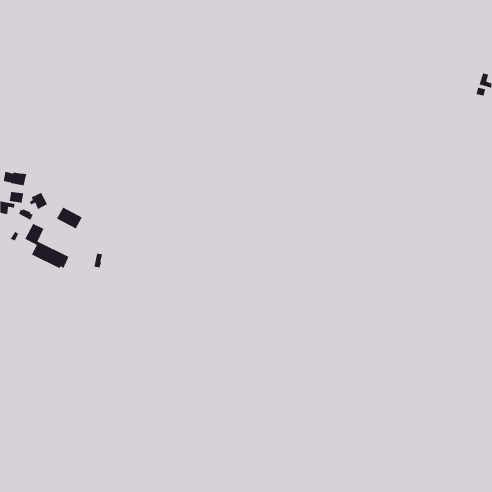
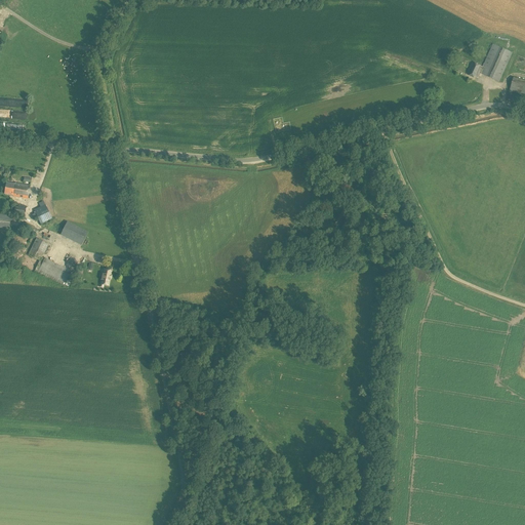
building: none -> [468,43,511,81]

